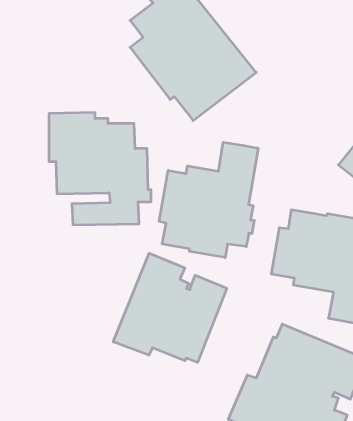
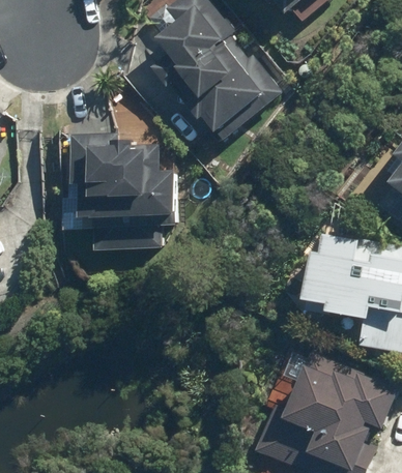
building: [159,142,258,258] -> none
building: [113,253,227,362] -> none

